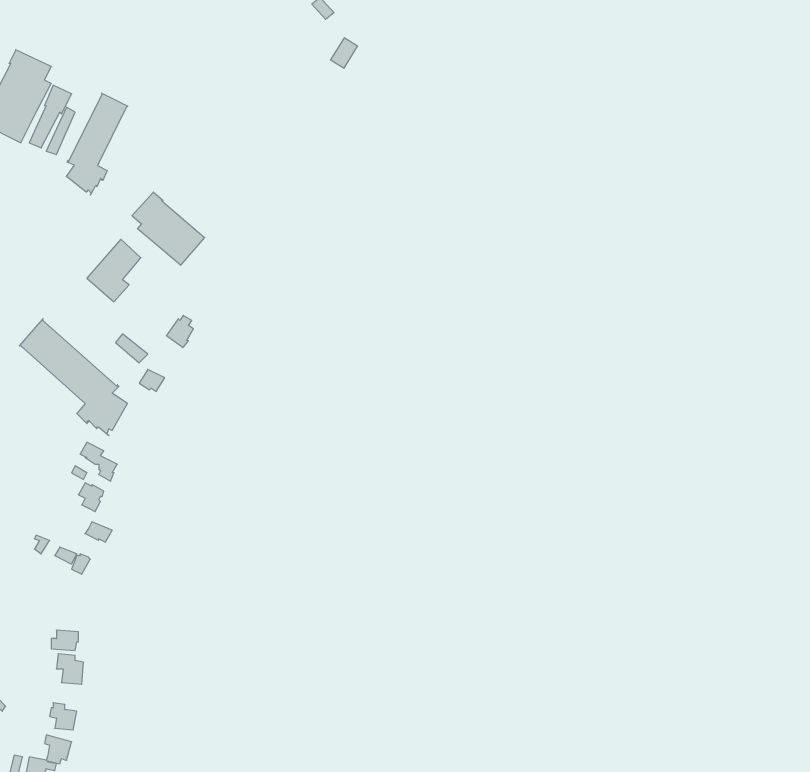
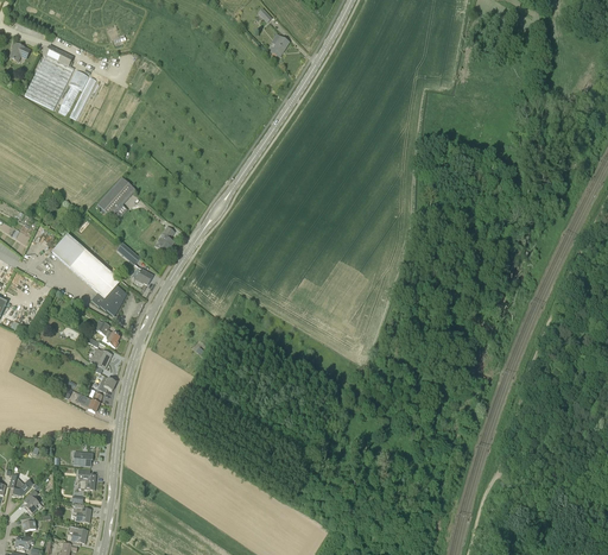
building: [66,93,128,195] -> none
building: [132,192,205,265] -> none

